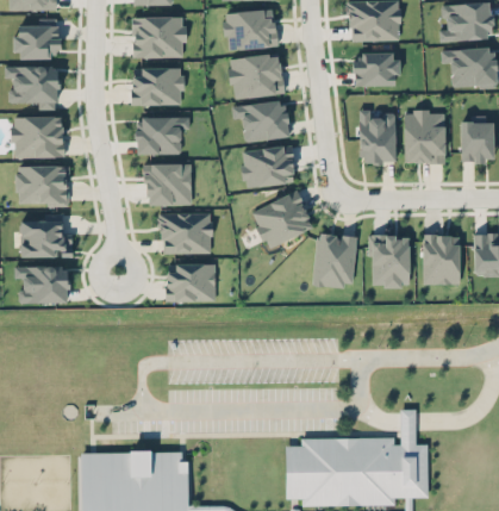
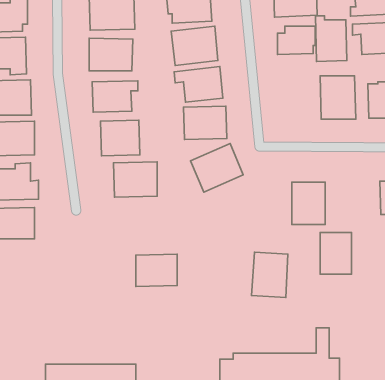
building: [360,110,397,163] -> [315,16,347,61]
building: [313,233,356,287] -> [251,252,288,298]
building: [423,235,460,283] -> [320,233,352,274]
building: [167,263,216,301] -> [136,254,177,287]

